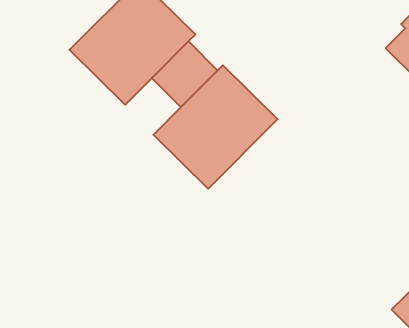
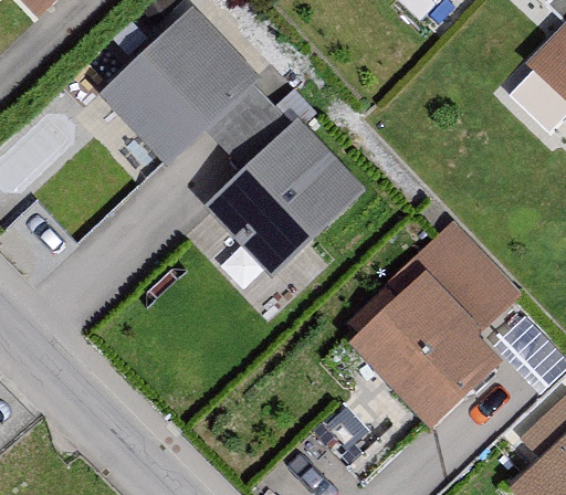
building: none -> [352,220,514,422]

